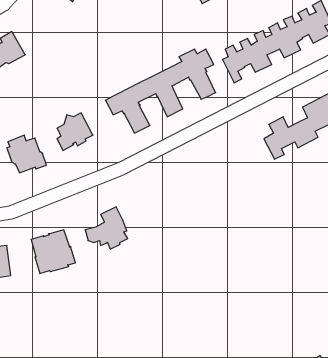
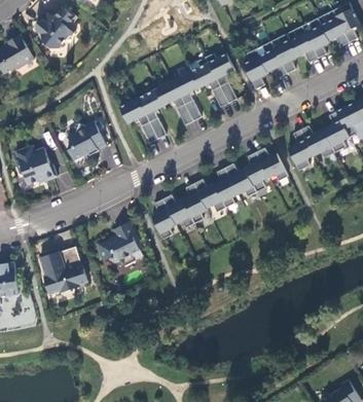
building: none -> [36,8,75,47]
building: none -> [151,148,287,240]

